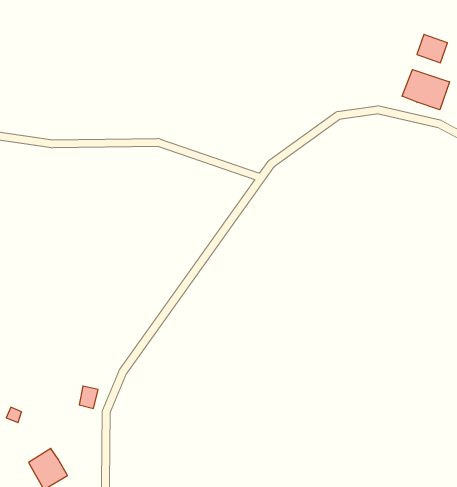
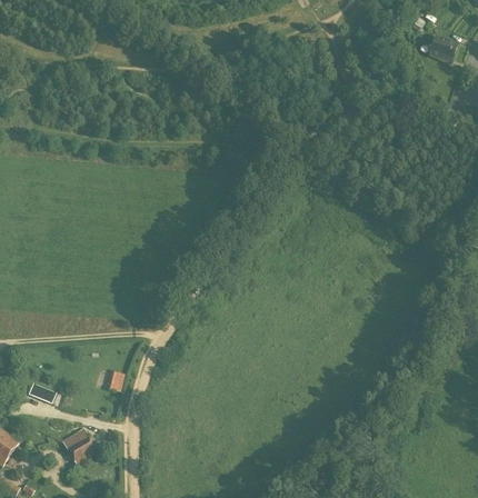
building: [402,70,450,110] -> none

